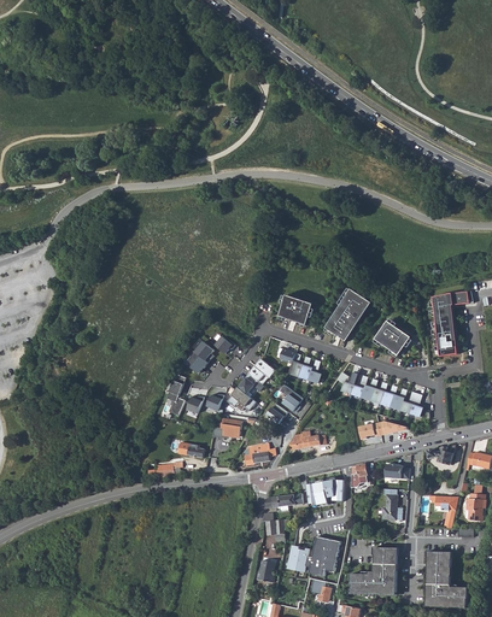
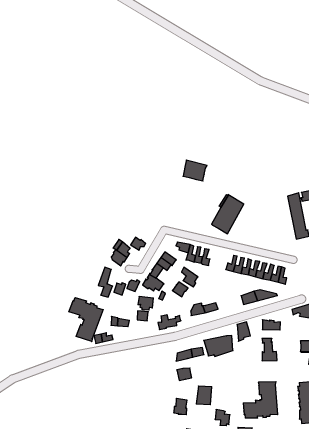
building: [280,294,314,324] -> [183,160,207,181]
building: [374,321,410,354] -> none
building: none -> [69,298,103,342]
building: [309,536,339,575] -> none

